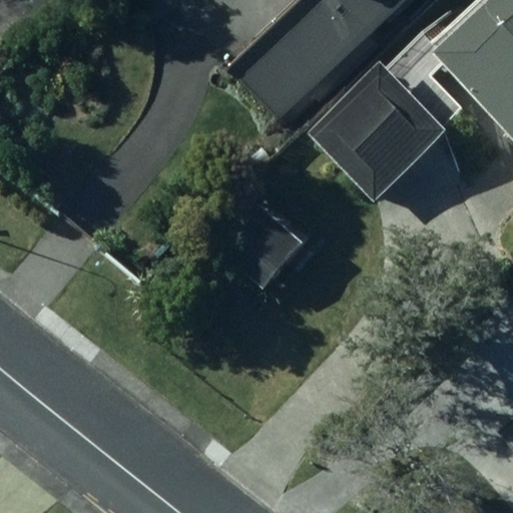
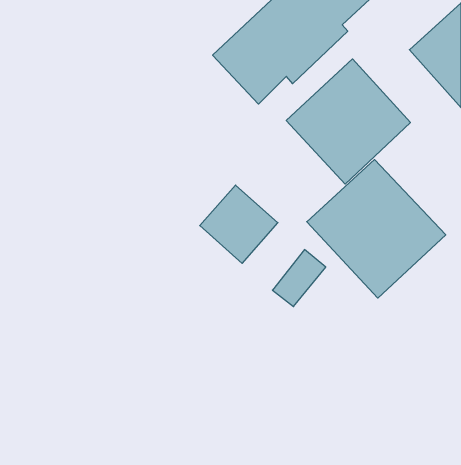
building: none -> [307,160,446,298]

